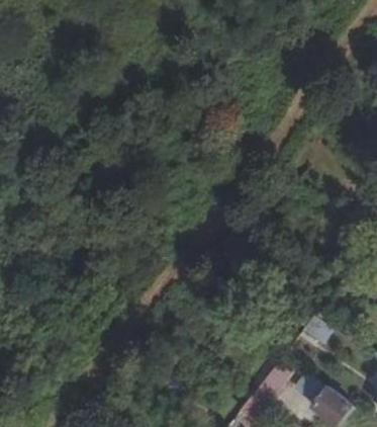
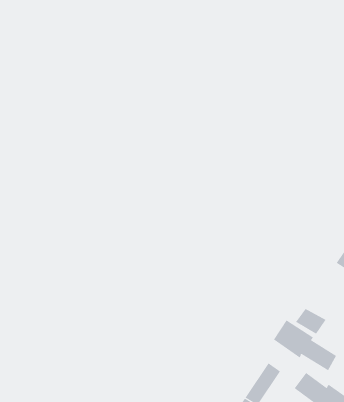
building: none -> [273,320,337,371]

